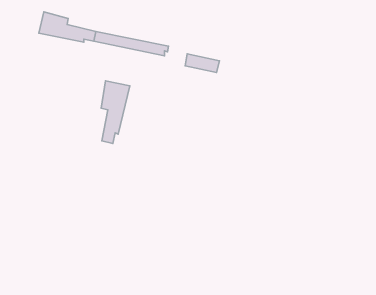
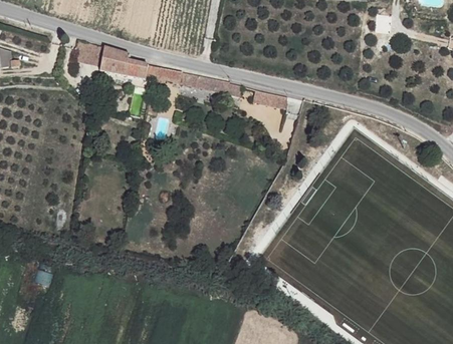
building: [101,81,130,143] -> none

